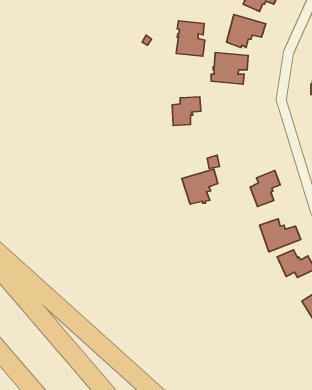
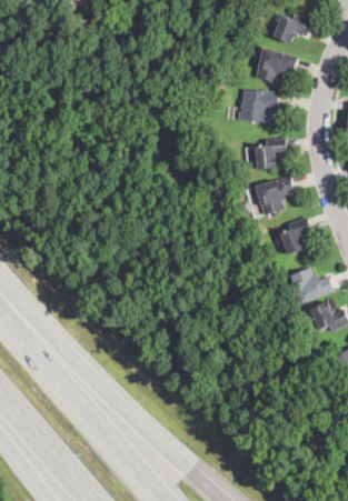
building: [176,21,205,56] -> none
building: [172,97,201,125] -> [256,138,287,169]
building: [182,169,218,204] -> [255,176,294,213]

